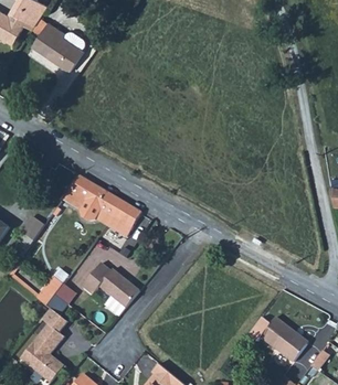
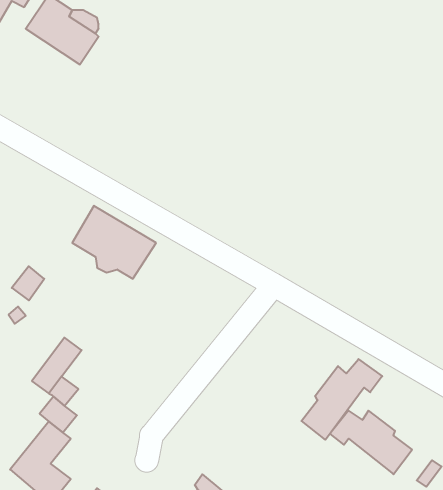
building: [107,199,142,236] -> none
building: [84,261,140,306] -> none
building: none -> [301,359,382,440]

